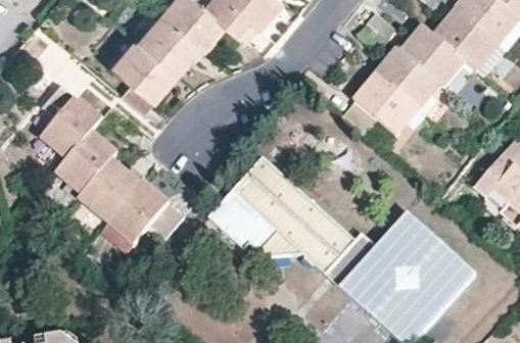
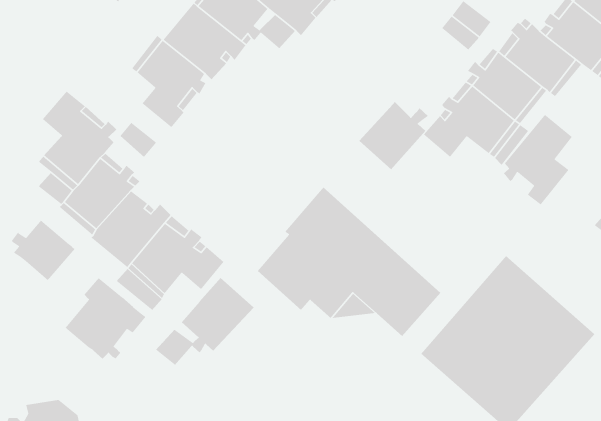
building: none -> [359,101,429,170]
building: none -> [503,114,573,206]
building: none -> [11,219,76,281]
building: none -> [64,277,147,360]
building: none -> [155,277,255,366]

